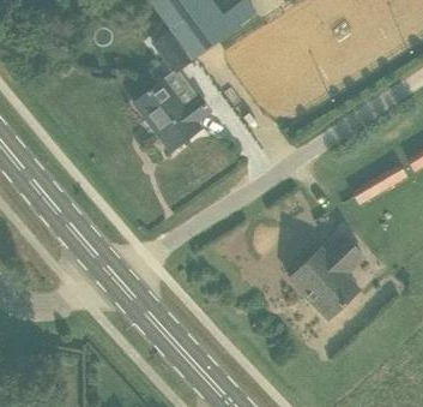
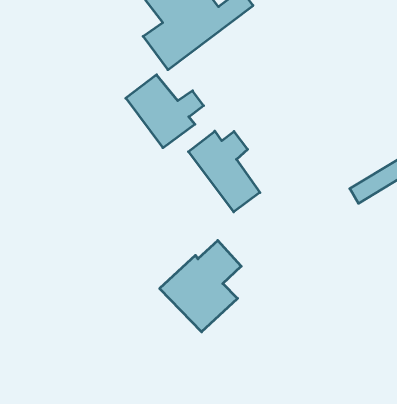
building: none -> [188,131,260,212]
building: [286,231,365,319] -> [160,240,241,332]

